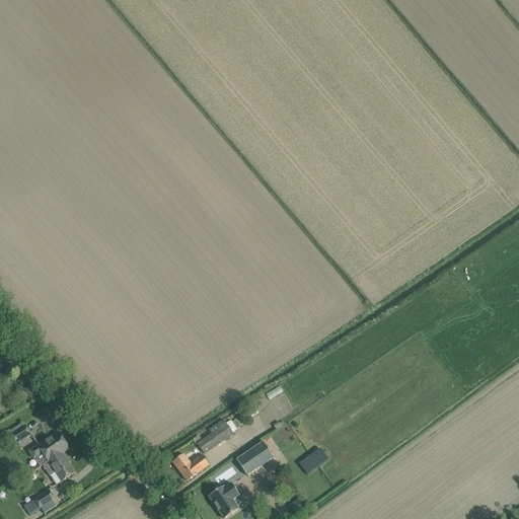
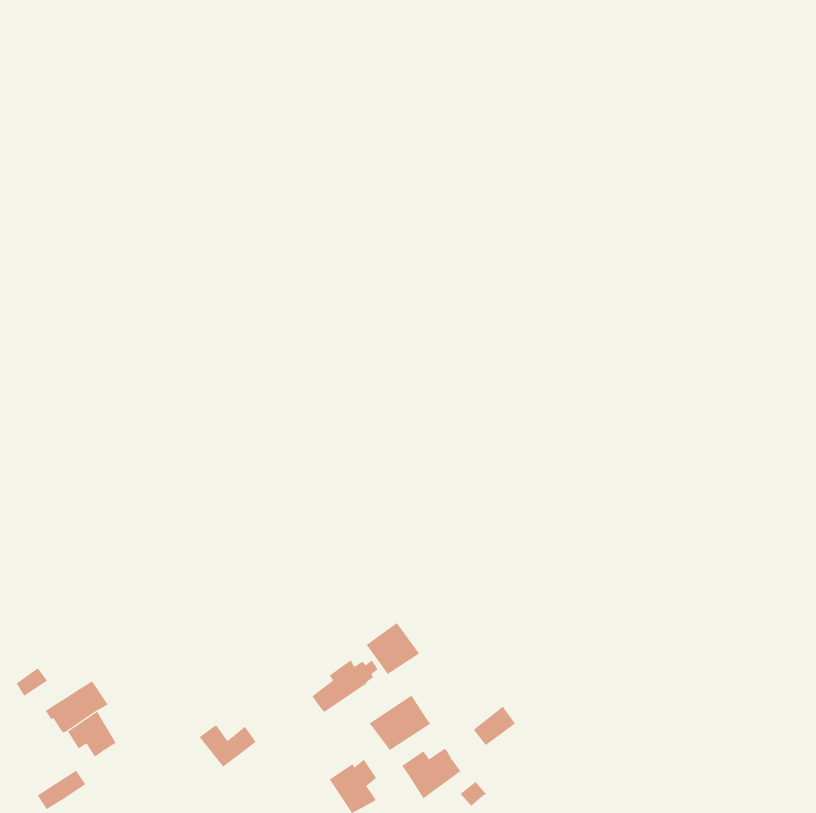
building: none -> [366,622,420,675]
building: [172,452,209,479] -> [199,724,256,767]
building: none -> [402,748,461,799]

